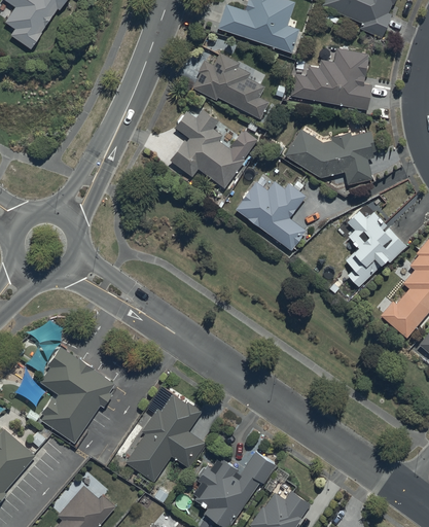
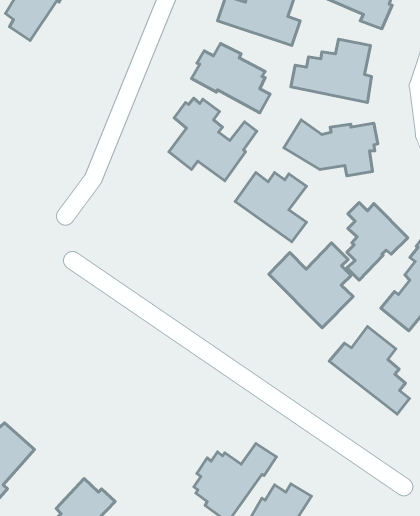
building: none -> [269,243,353,328]
building: none -> [329,326,410,414]
building: [39,346,114,443] -> none
building: [126,393,206,482] -> none

